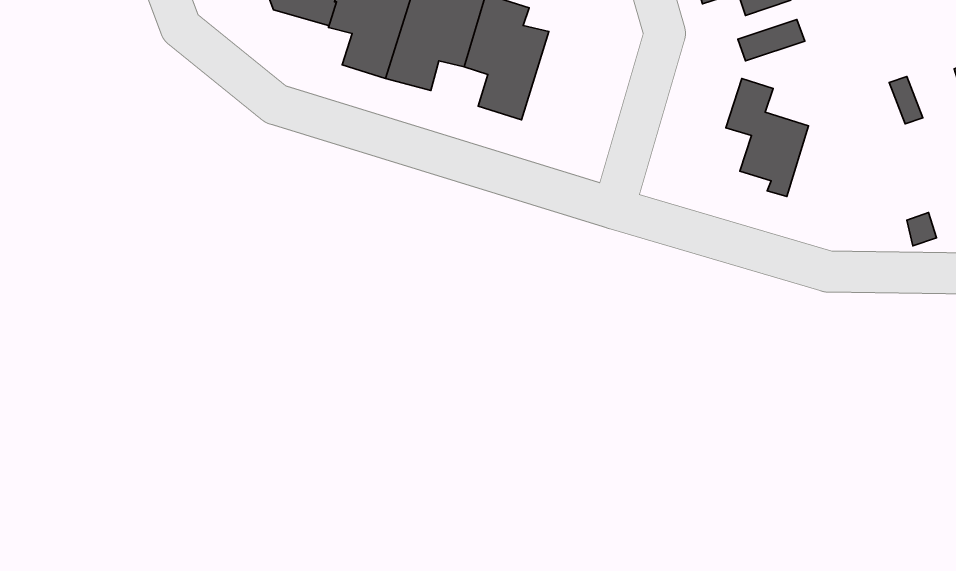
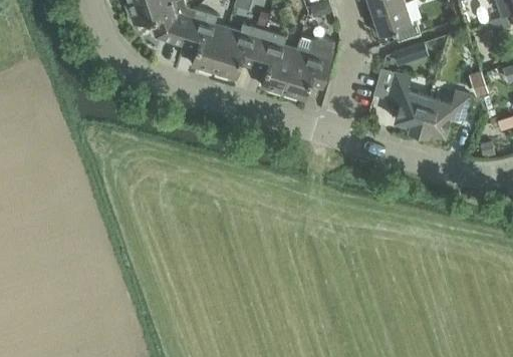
building: none -> [282,37,333,99]
building: none -> [418,90,470,135]

